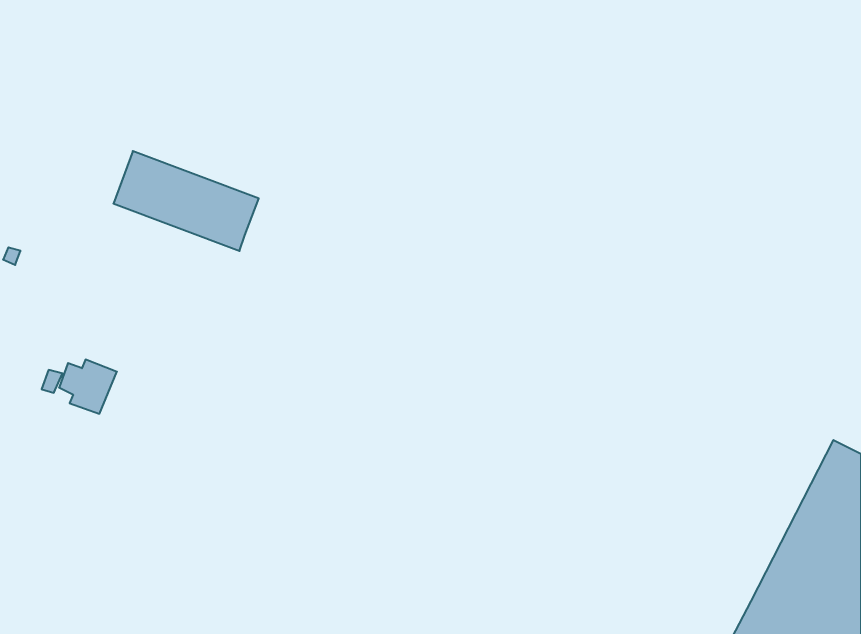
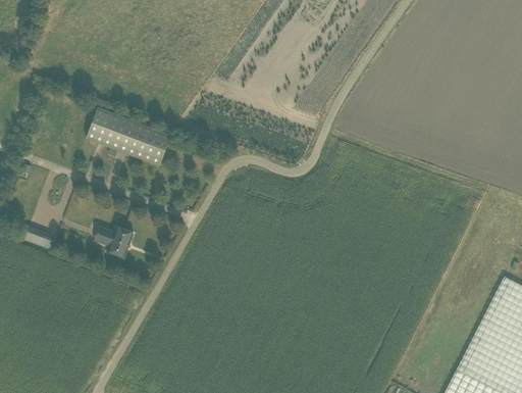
building: [59,360,117,414] -> [100,227,134,258]

